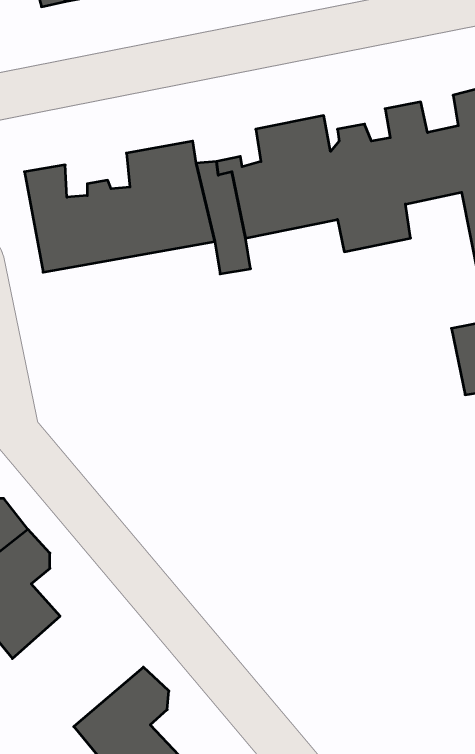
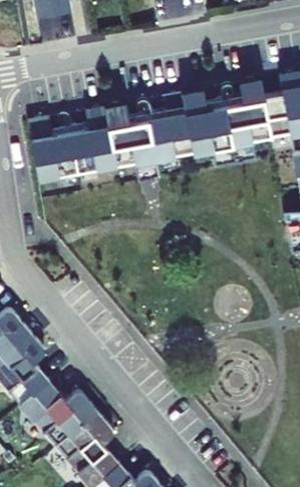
building: none -> [23,384,100,449]

